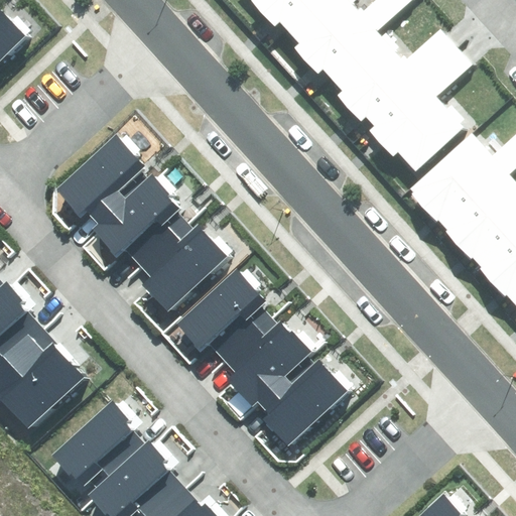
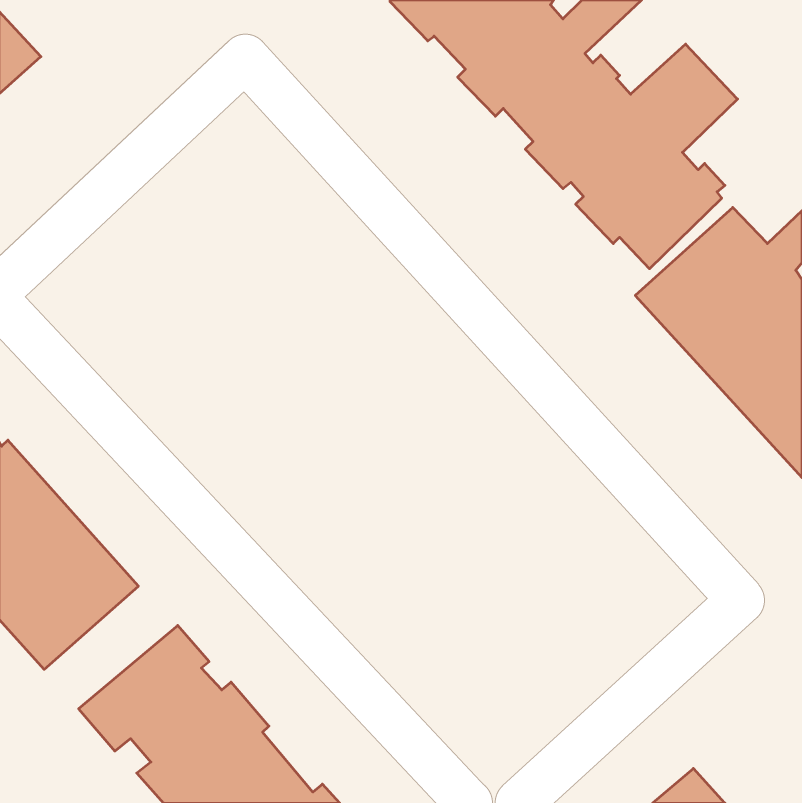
building: [56,136,227,311] -> none
building: [178,270,347,445] -> none

